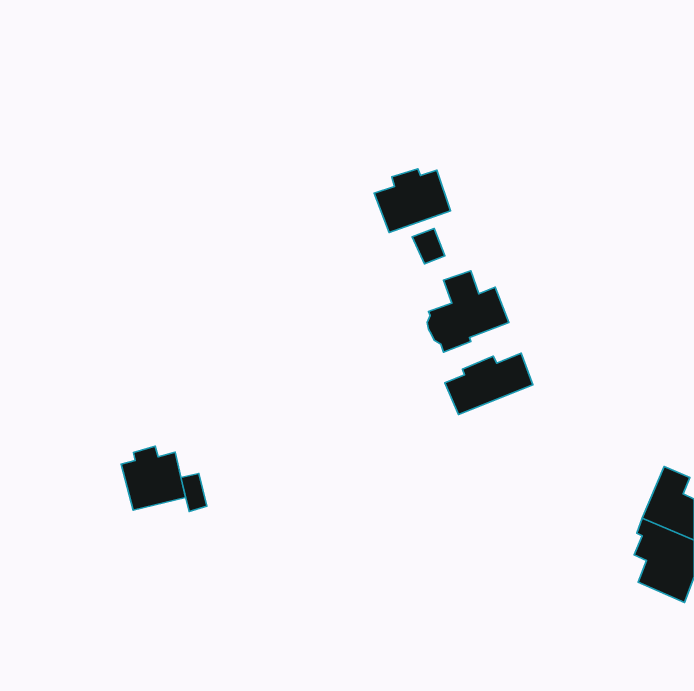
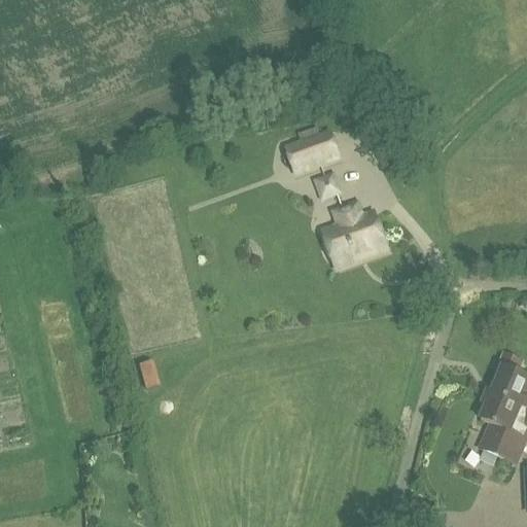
building: [445,353,533,414] -> none
building: [121,446,185,510] -> none

